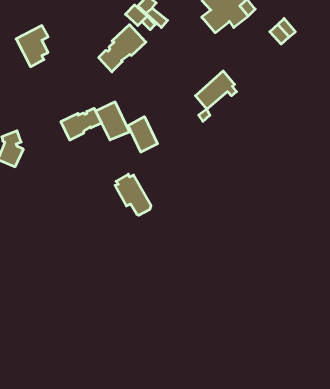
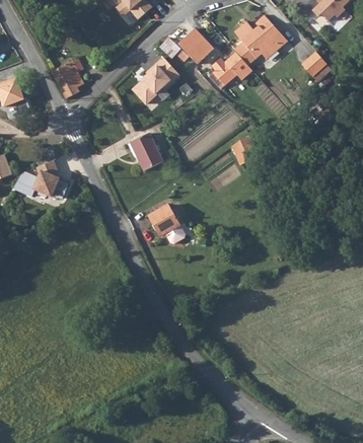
building: [195,71,237,109] -> [209,51,249,88]
building: [61,108,101,140] -> none
building: [128,117,158,152] -> none

